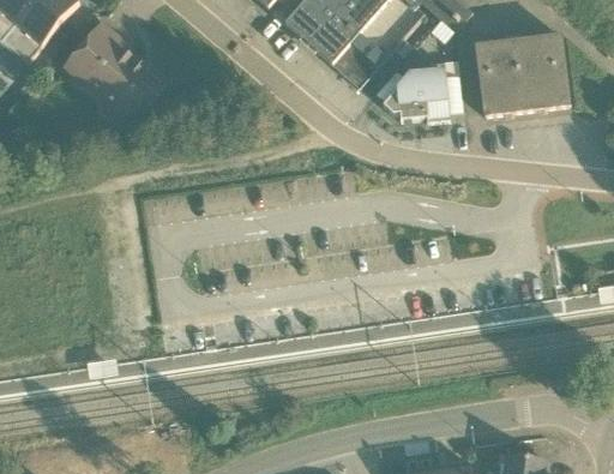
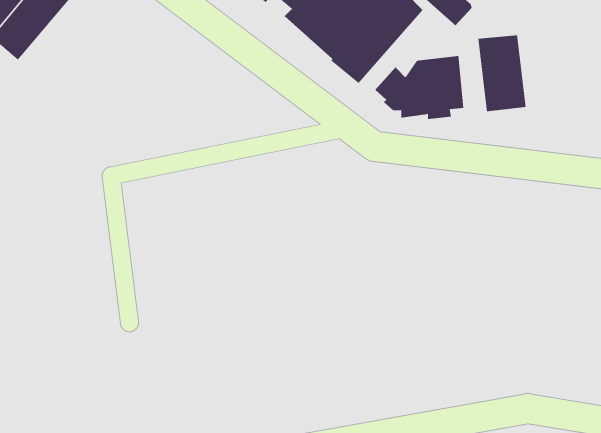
building: [62,19,164,124] -> none
building: [514,32,568,109] -> none

